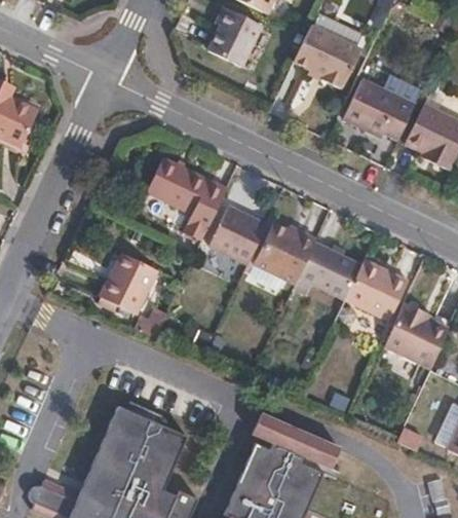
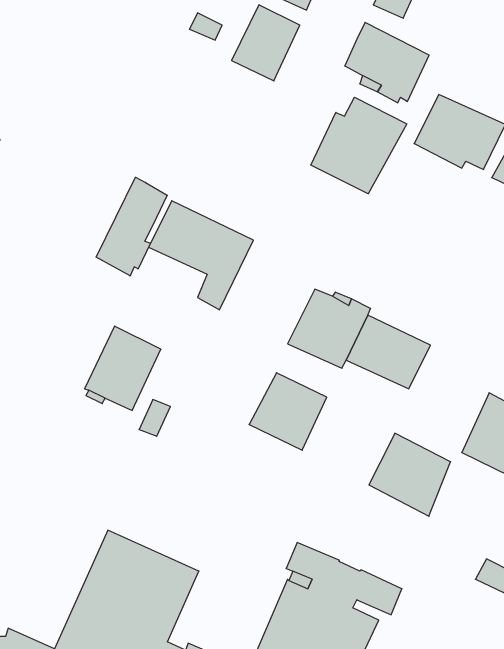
building: none -> [311,97,407,194]
building: none -> [96,177,167,276]
building: [207,206,266,264] -> [249,373,327,450]
building: [344,260,406,323] -> [369,433,451,516]

